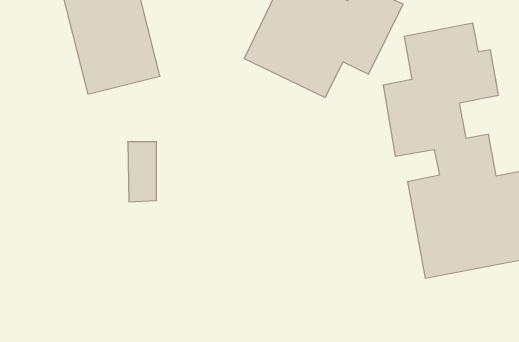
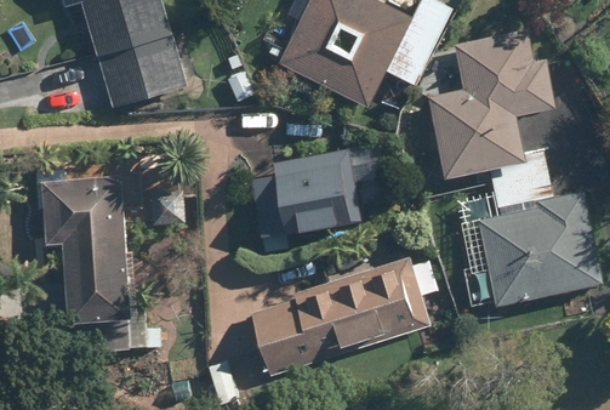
building: none -> [252,150,359,255]
building: none -> [45,182,122,321]
building: none -> [247,257,432,358]

